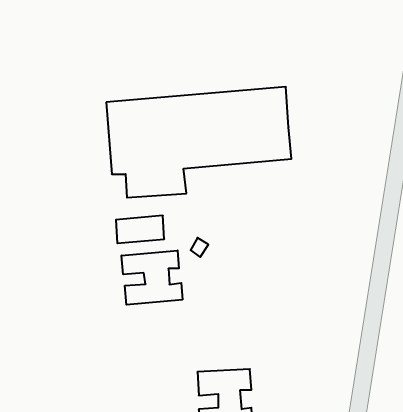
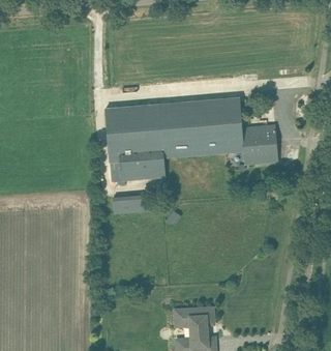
building: none -> [241,125,277,165]
building: [122,250,182,305] -> none

